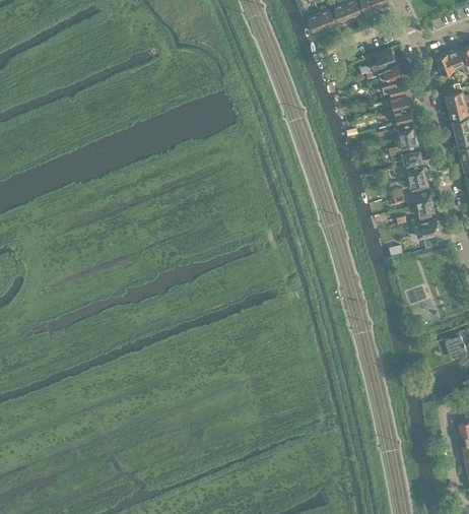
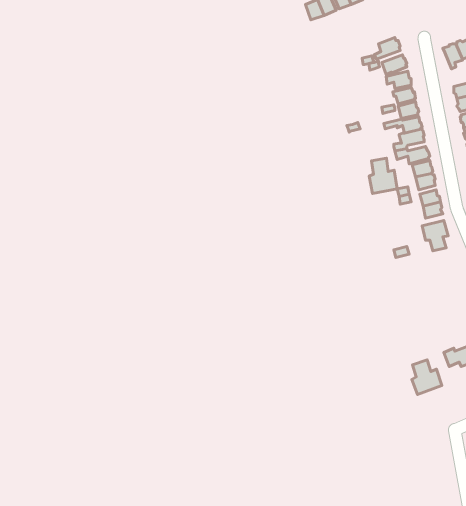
building: none -> [369,158,397,193]
building: none -> [412,360,442,394]

